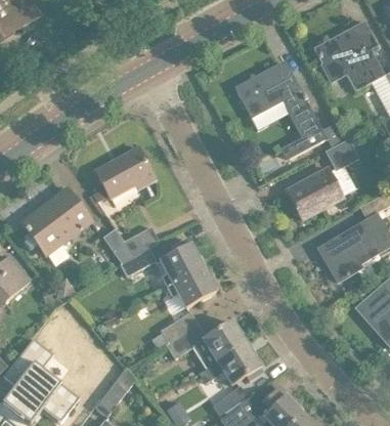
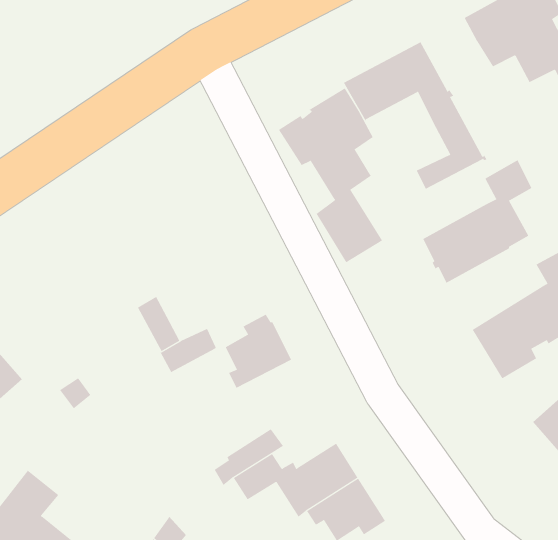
building: none -> [278,87,383,263]
building: [96,146,155,198] -> none
building: [19,187,90,264] -> none
building: [122,226,158,256] -> none
building: [166,268,215,308] -> none

